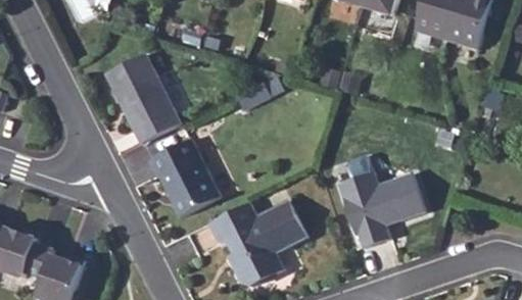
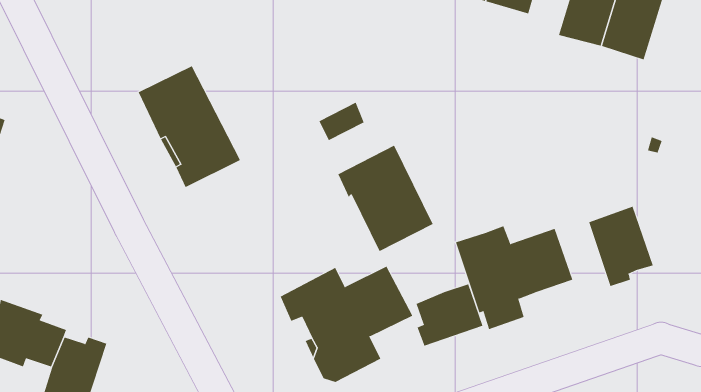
building: [148,138,219,216] -> [337,145,433,252]
building: none -> [588,206,654,287]
building: none -> [416,283,483,347]

